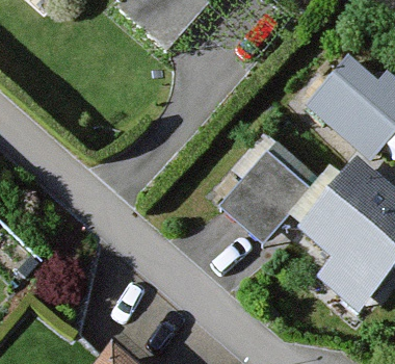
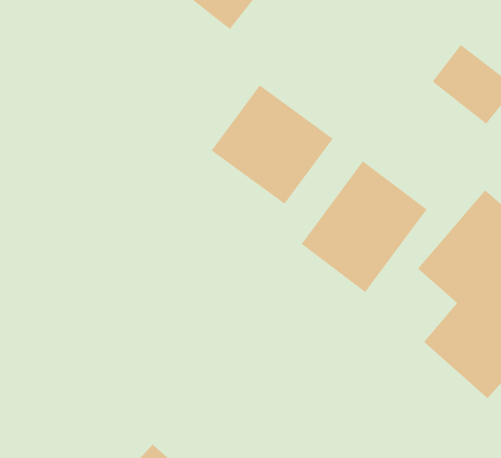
building: none -> [211,85,334,205]

